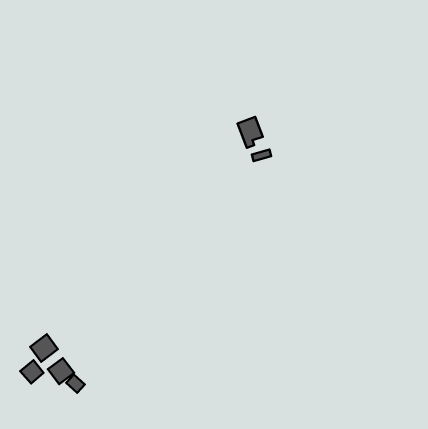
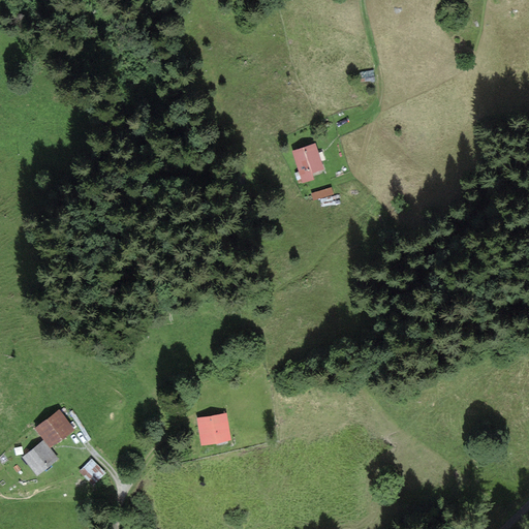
building: none -> [198,415,229,443]
building: [48,358,74,384] -> none

